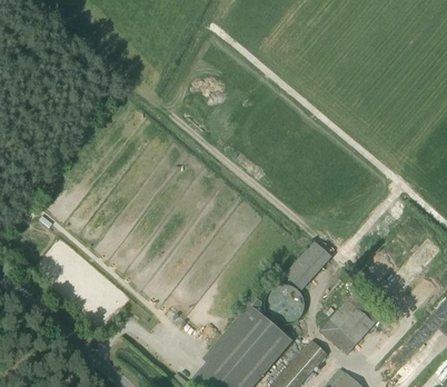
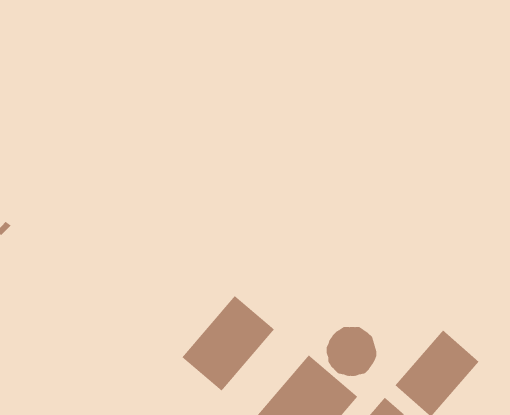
building: [284,239,331,288] -> none
building: none -> [181,295,275,391]

